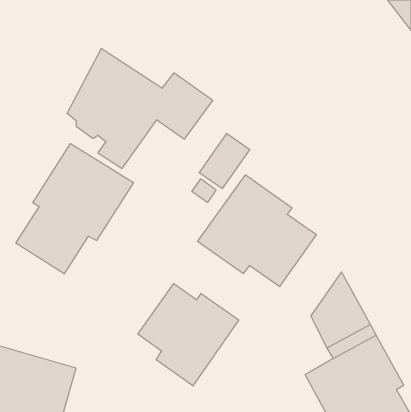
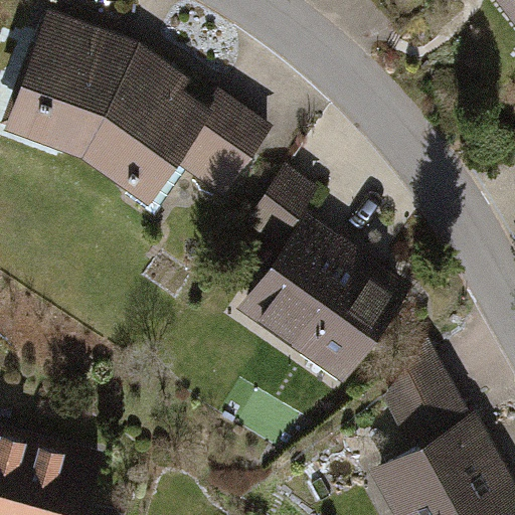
building: none -> [19,13,126,143]
building: [16,144,133,274] -> none
building: [138,283,239,386] -> none

